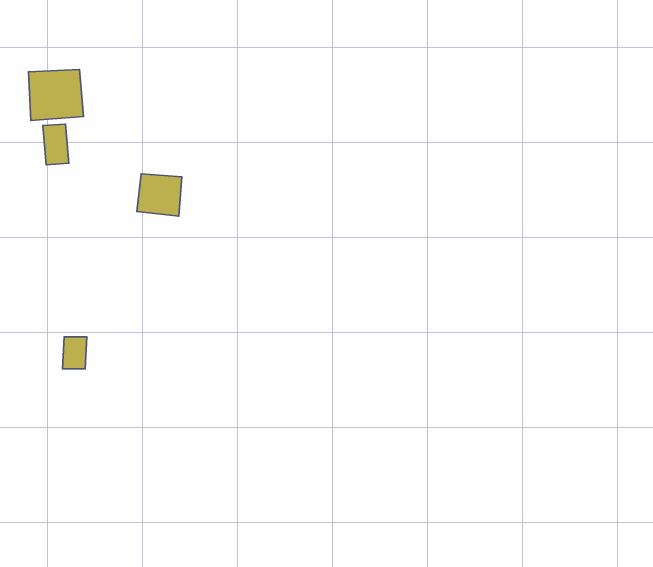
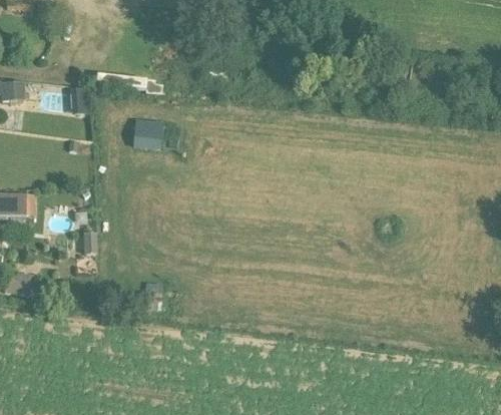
building: [29,69,84,120] -> none

